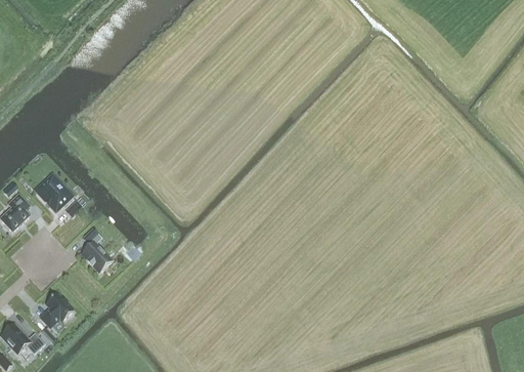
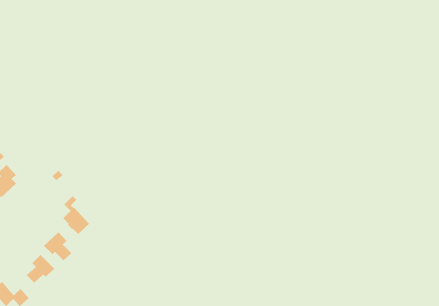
building: [34,174,72,212] -> none
building: none -> [43,232,72,261]

